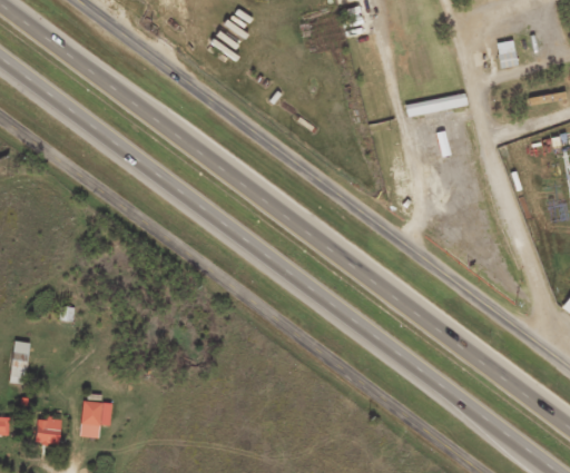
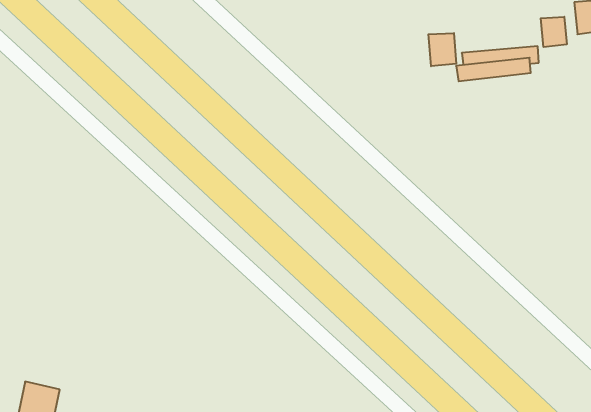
building: none -> [541,17,567,47]
building: none -> [428,33,456,66]

